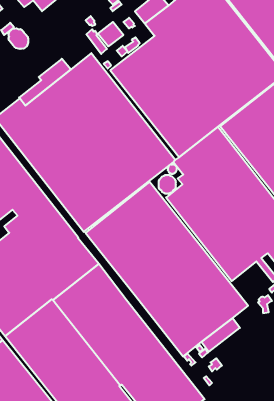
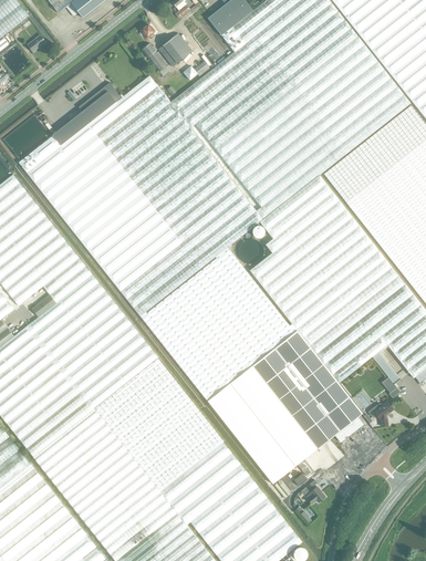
building: [9,28,28,49] -> none

